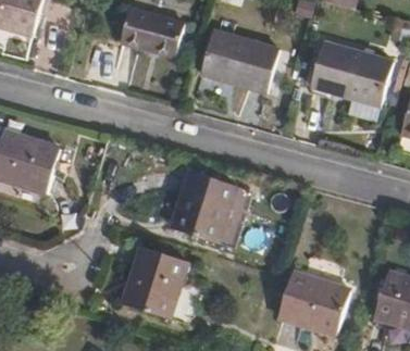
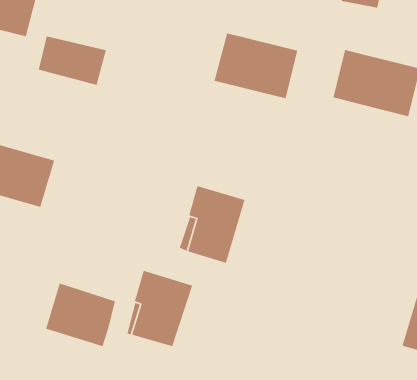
building: [123,10,186,55] -> [38,36,107,86]
building: none -> [45,283,116,347]
building: [279,272,350,330] -> none

